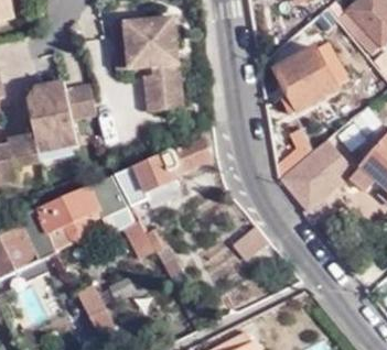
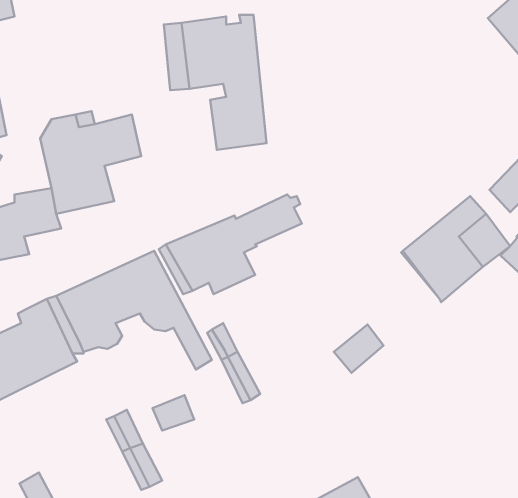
building: [276,43,341,109] -> none

